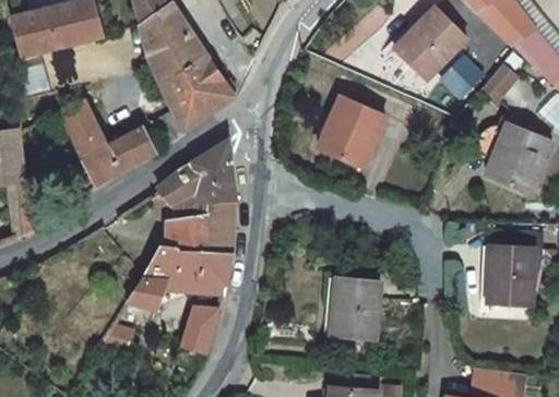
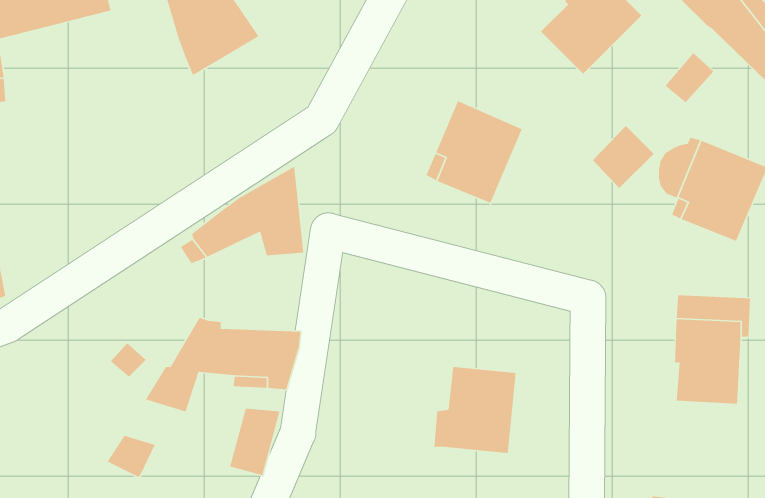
building: [158,52,233,129] -> none
building: [441,55,484,98] -> [592,125,654,189]
building: [58,100,154,185] -> none
building: [168,187,235,254] -> none

